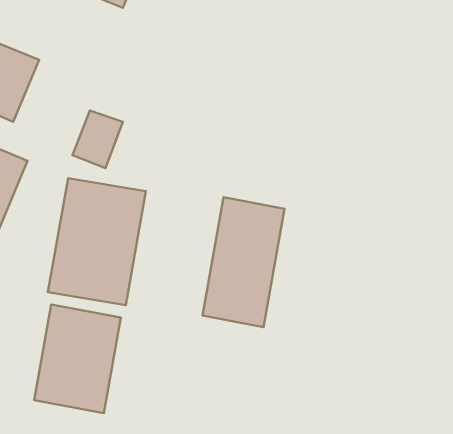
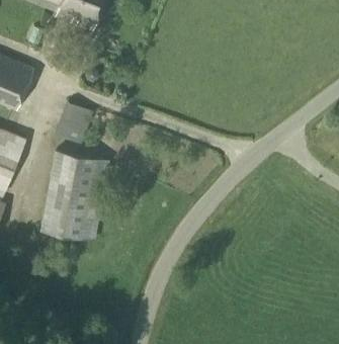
building: [203,197,285,327] -> none
building: [34,305,121,413] -> none

